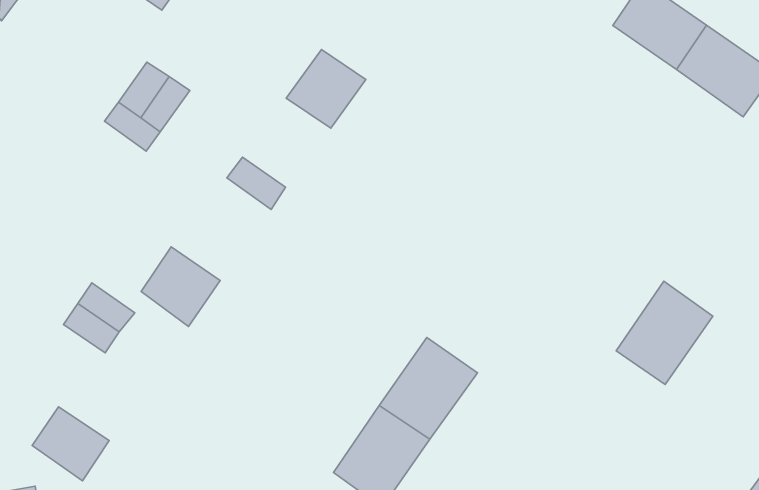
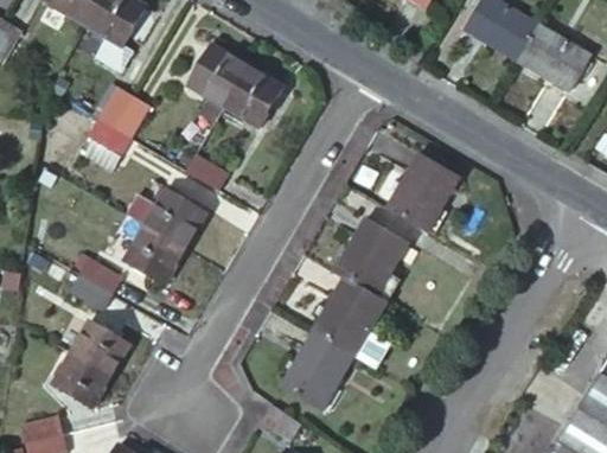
building: none -> [187,44,248,120]
building: none -> [146,187,206,247]
building: none -> [334,217,405,301]
building: [616,281,713,384] -> [386,152,458,230]
building: none -> [70,319,129,375]

